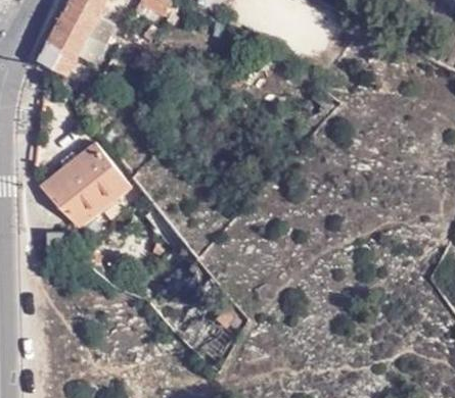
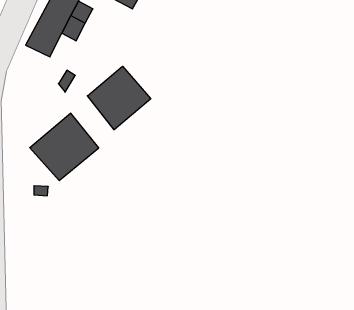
building: none -> [87,66,151,130]

